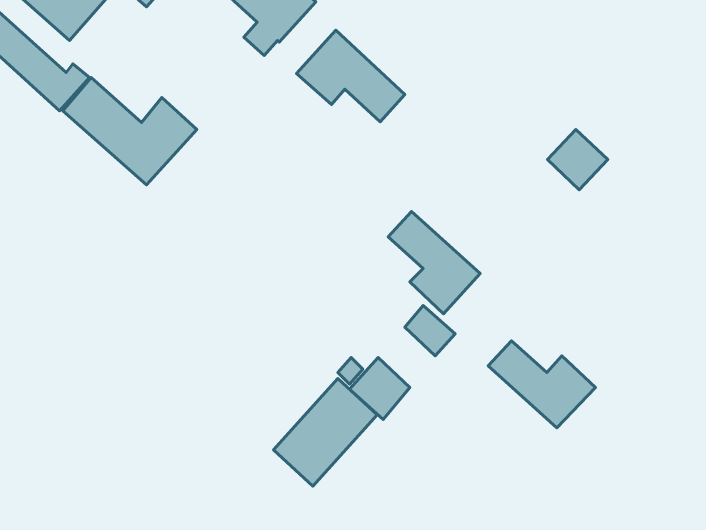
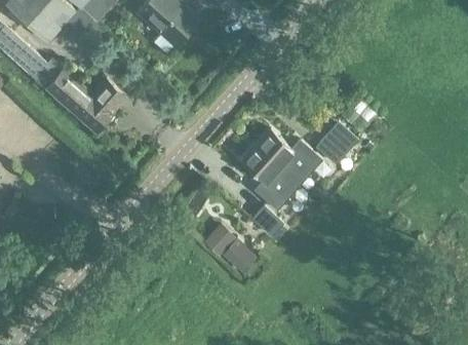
building: [296,30,405,122] -> none
building: none -> [313,118,358,163]
building: [488,341,595,428] -> [258,132,323,186]
building: [273,378,377,486] -> none

